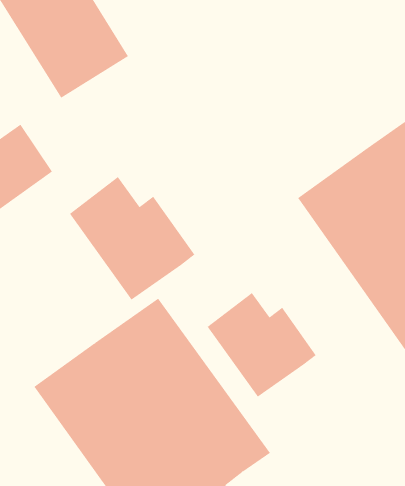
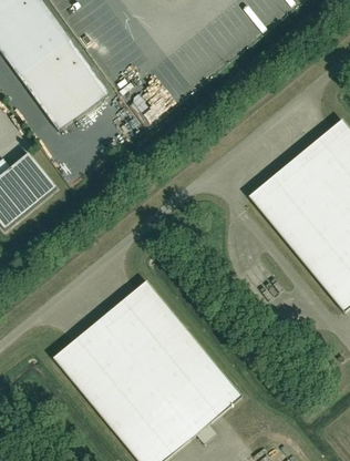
building: [69,176,195,301] -> none
building: [207,292,316,398] -> none

